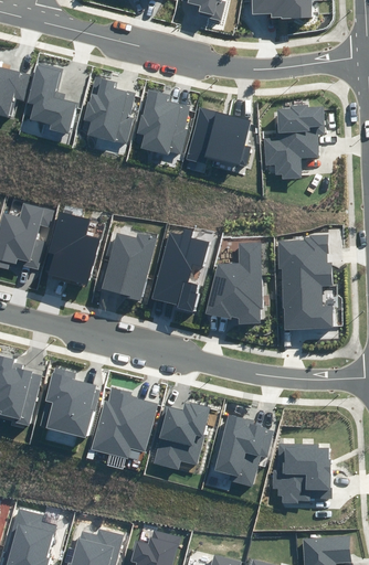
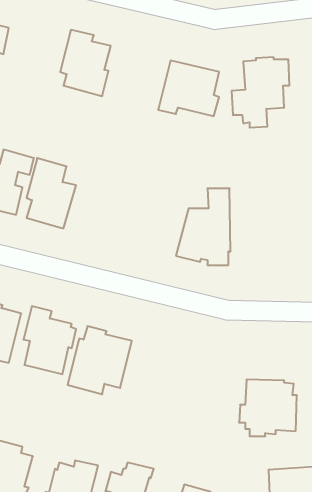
building: [27,62,75,134] -> none
building: [134,89,189,154] -> none
building: [150,228,209,312] -> none
building: [102,233,156,301] -> none
building: [276,235,333,329] -> none
building: [152,402,210,470] -> none
building: [214,415,274,487] -> none

